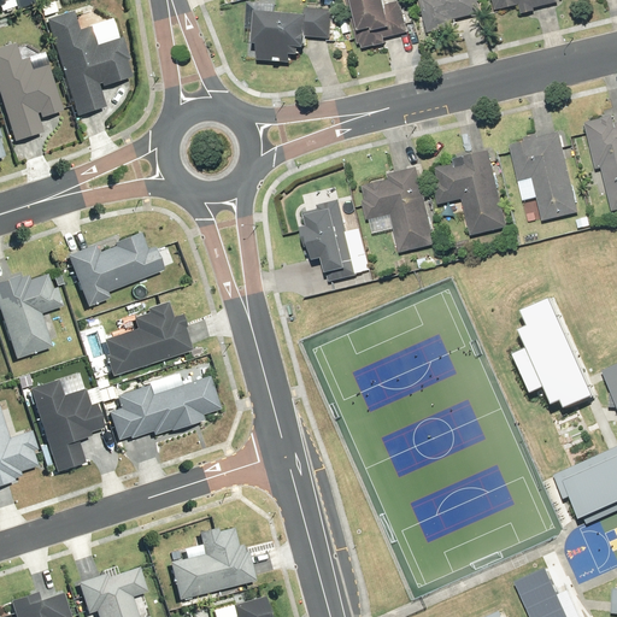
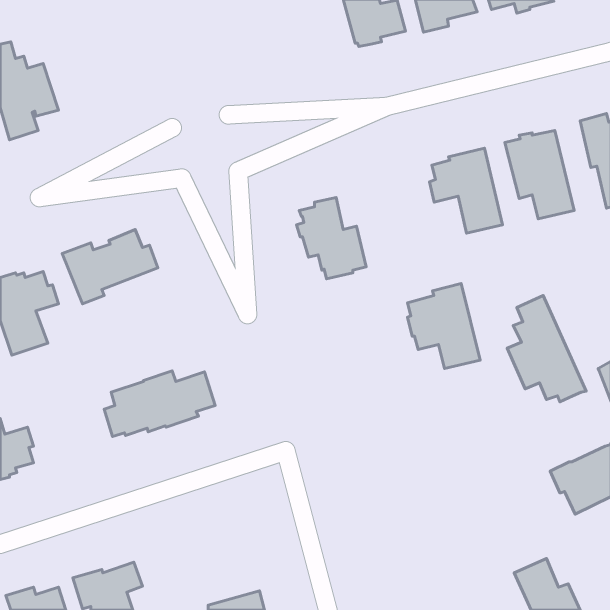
building: [252,7,333,61] -> none
building: [43,11,129,116] -> none
building: [363,166,436,252] -> [407,284,480,369]
building: [107,300,196,376] -> none
building: [27,378,101,471] -> none
building: [168,528,253,599] -> none

